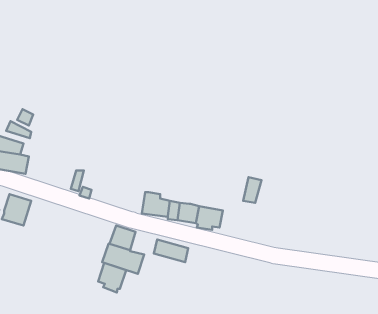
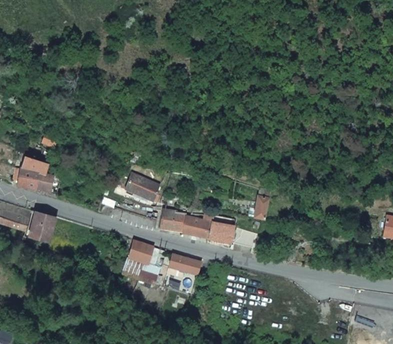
building: none -> [125,173,160,201]
building: [98,263,126,292] -> none

